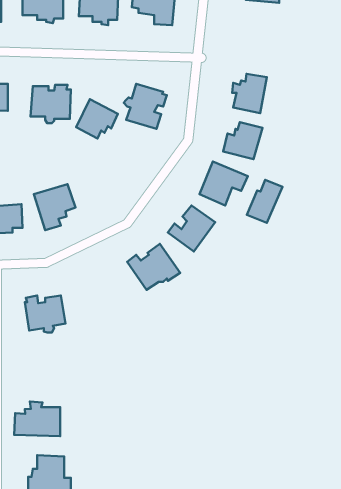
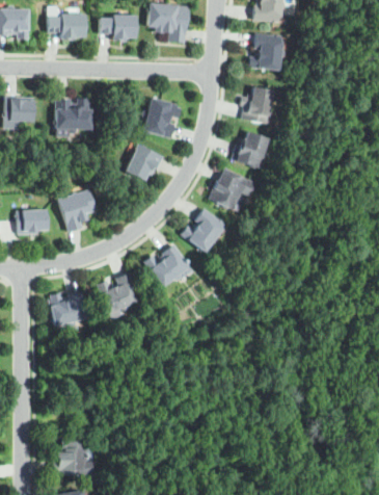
building: none -> [249,32,282,71]
building: [76,99,118,139] -> [126,144,164,180]
building: [247,180,282,223] -> none
building: none -> [98,271,141,319]
building: [14,401,60,436] -> none

